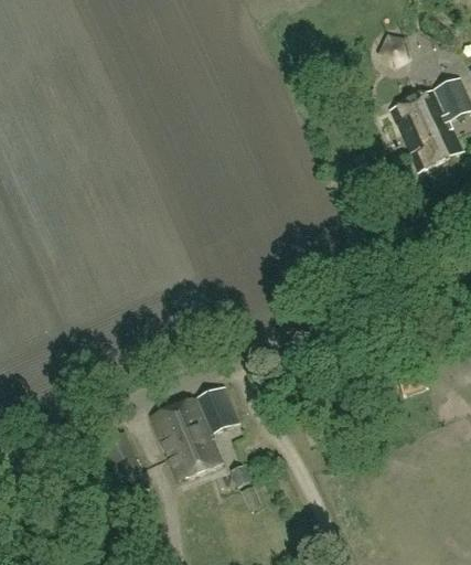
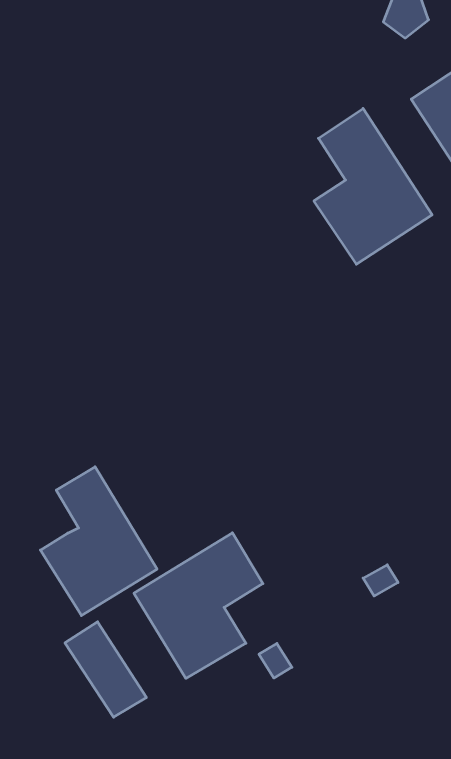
building: none -> [314,108,432,264]
building: none -> [40,467,157,616]

